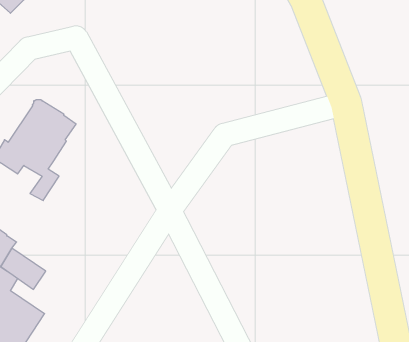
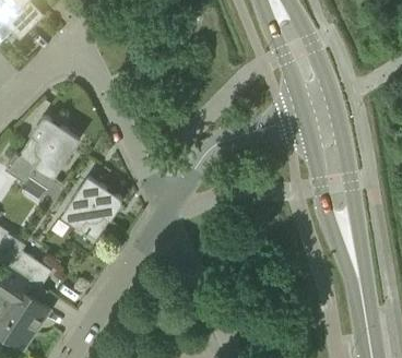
building: none -> [60,178,121,240]

